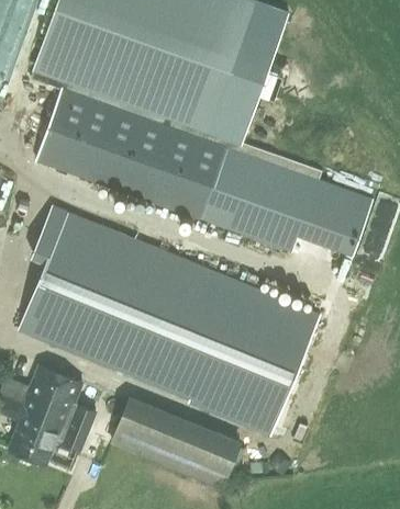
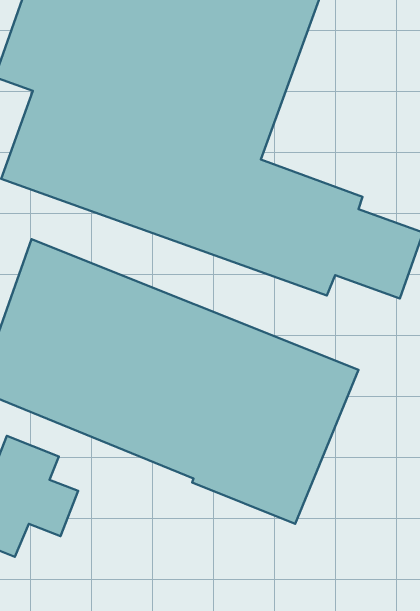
building: [111,400,238,486] -> none

